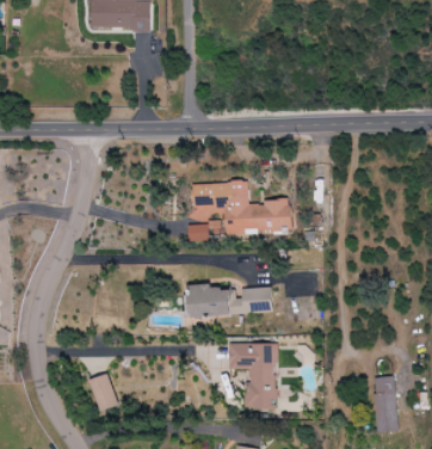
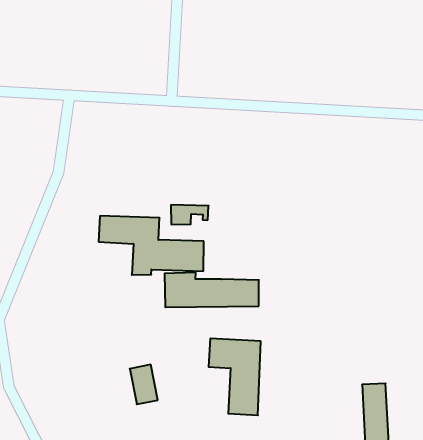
building: [192,183,290,236] -> [99,216,204,275]
building: [90,375,117,412] -> [130,365,158,404]

